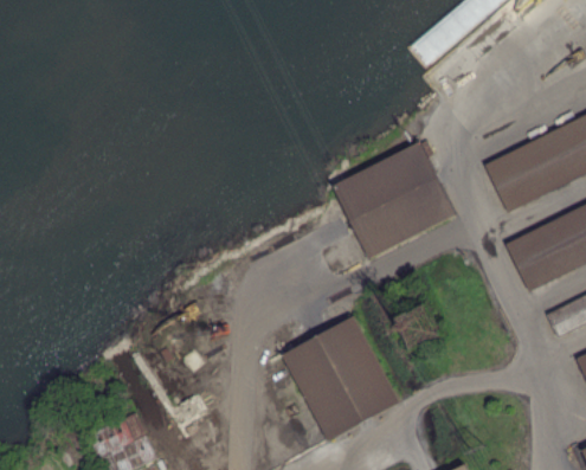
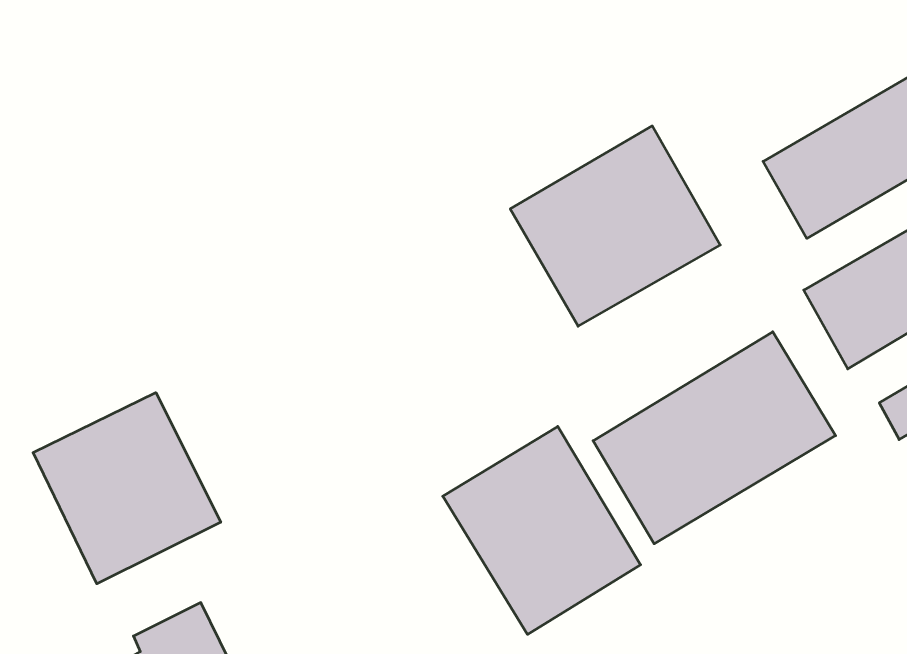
building: none -> [593,332,836,544]
building: none -> [33,393,221,584]

